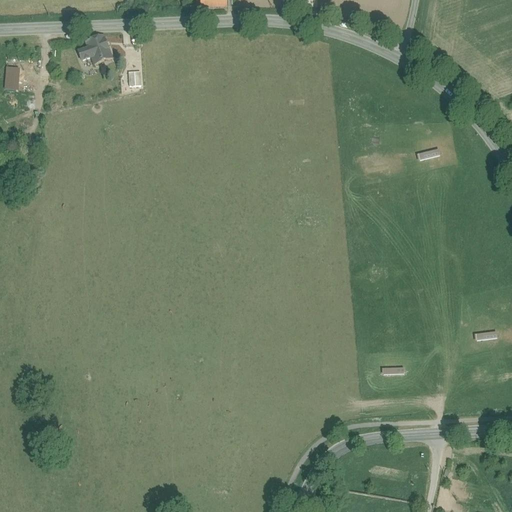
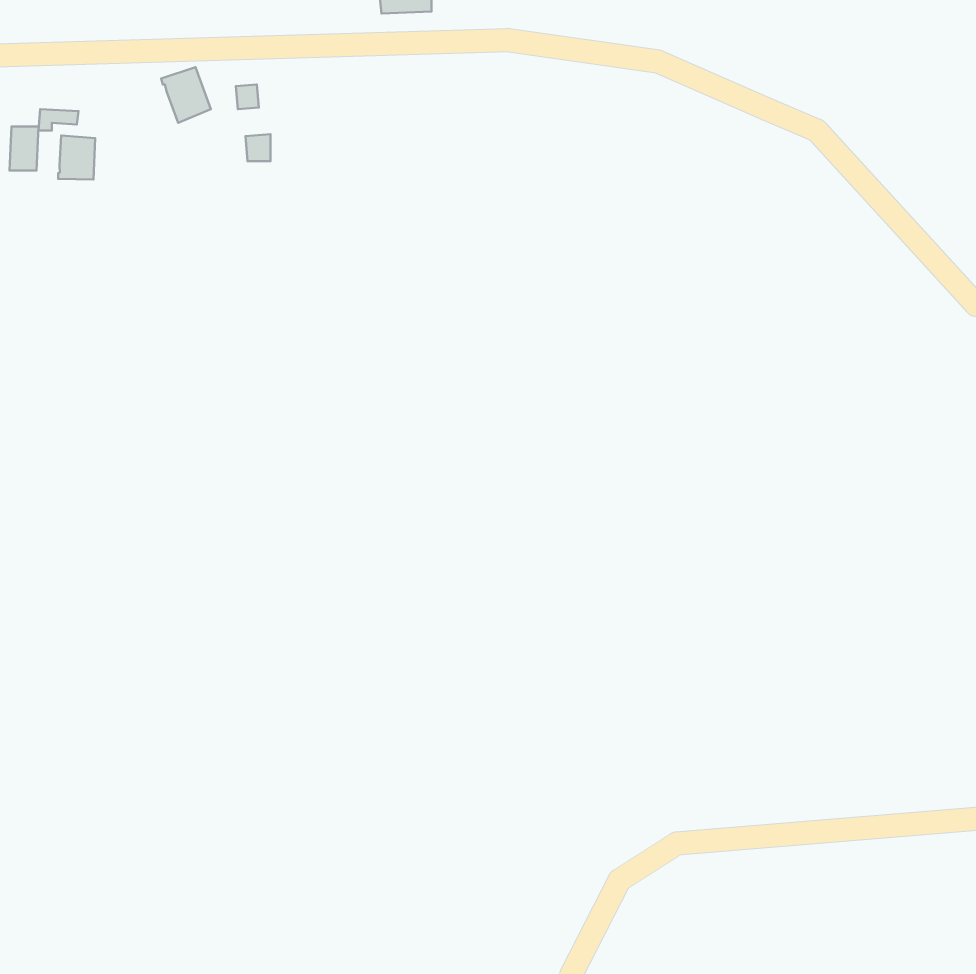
building: none -> [58,135,95,179]

